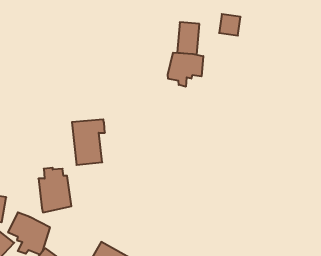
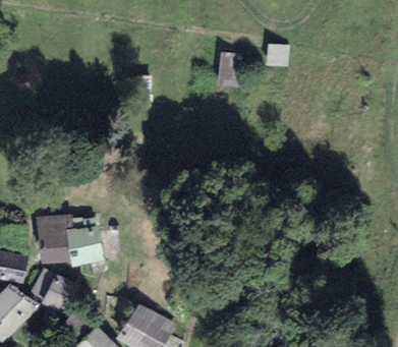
building: [168,53,203,87] -> none
building: [72,119,105,165] -> [36,216,73,268]

